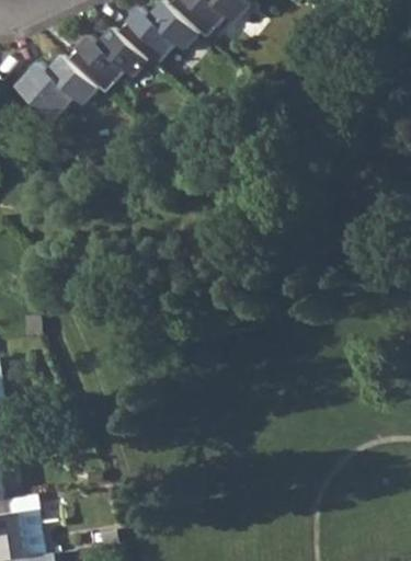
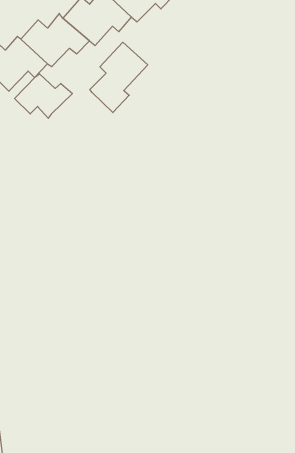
building: none -> [90,42,148,113]
building: none -> [15,74,72,118]

